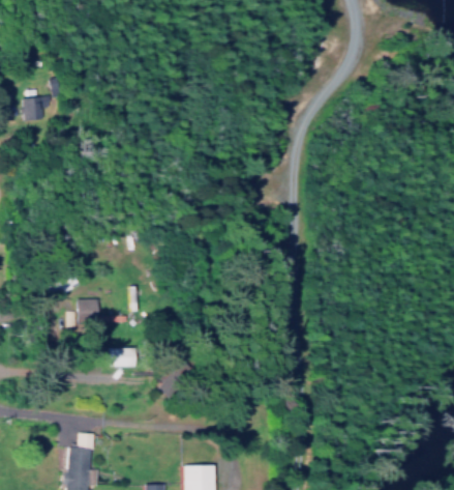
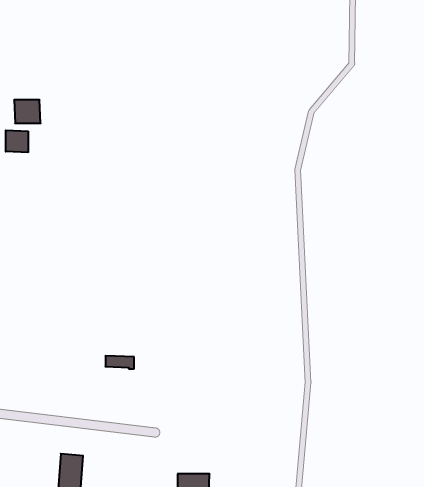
building: none -> [6,130,28,152]
building: [77,301,100,326] -> none

